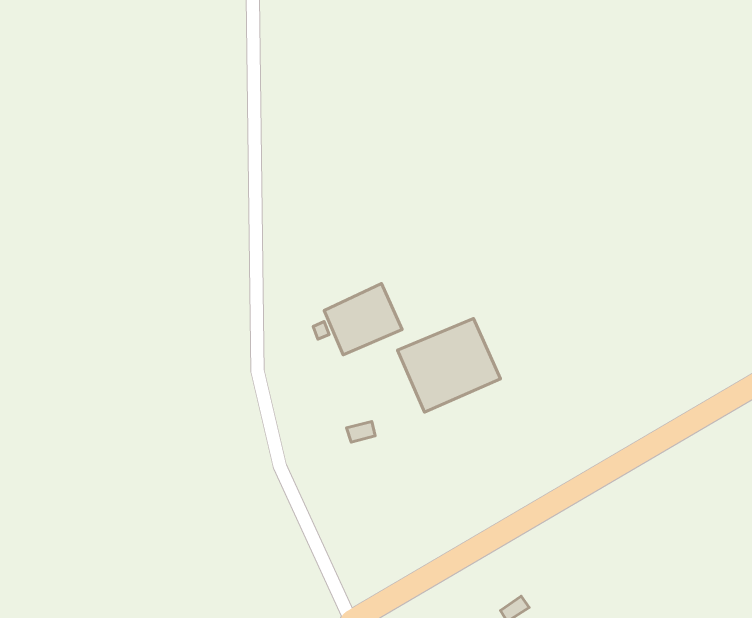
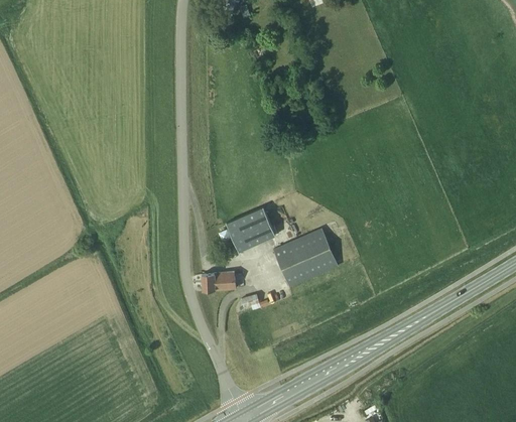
building: none -> [201,271,235,292]

